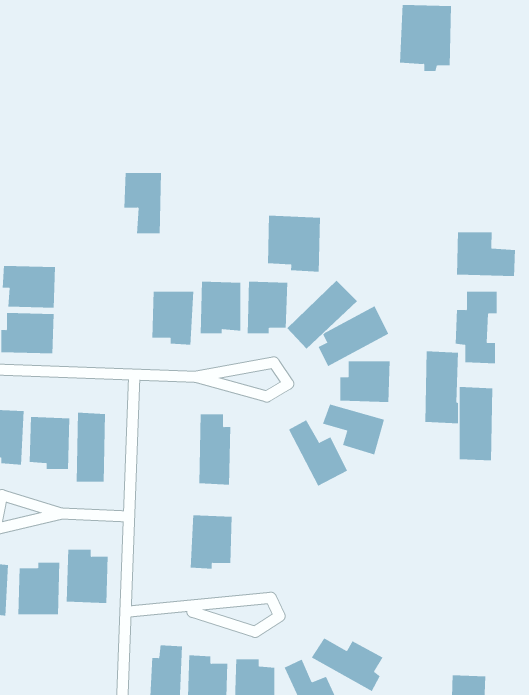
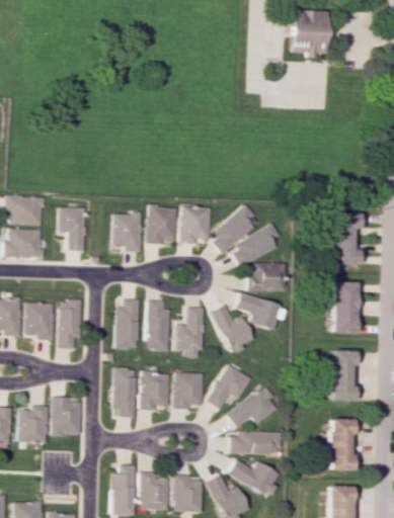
building: [123,172,162,234] -> [62,206,89,250]
building: [267,215,321,272] -> none
building: [456,231,515,277] -> none
building: [425,351,459,424] -> [330,349,354,401]
building: none -> [117,297,141,348]
building: none -> [177,307,205,357]
building: none -> [209,363,253,409]
building: none -> [115,366,139,417]
building: none -> [175,371,205,409]
building: none -> [228,385,279,427]
building: none -> [328,418,353,469]
building: none -> [231,430,281,453]

